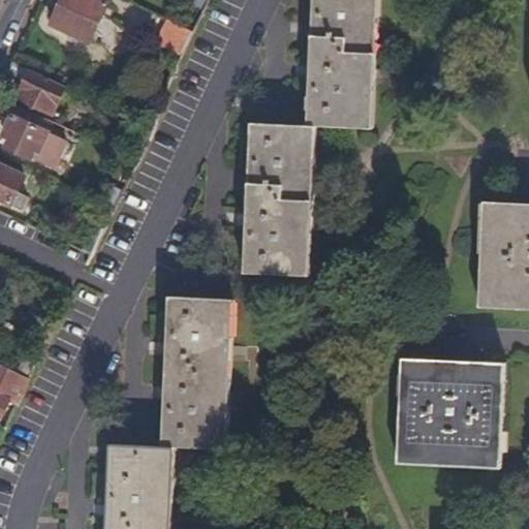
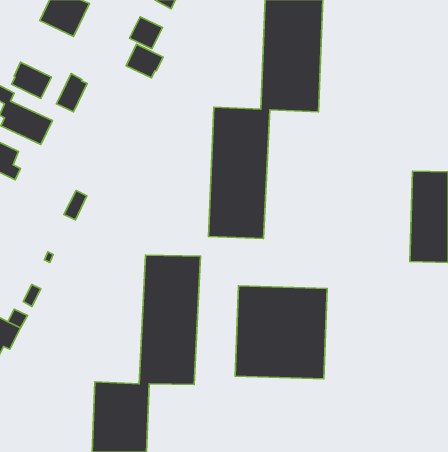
building: none -> [126,44,163,78]
building: none -> [56,74,87,112]
building: [394,355,501,464] -> [235,286,327,379]

